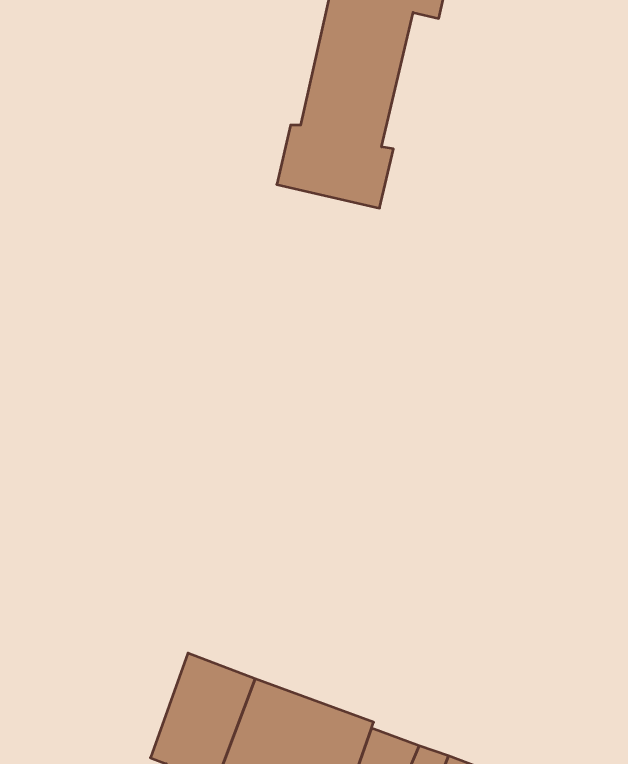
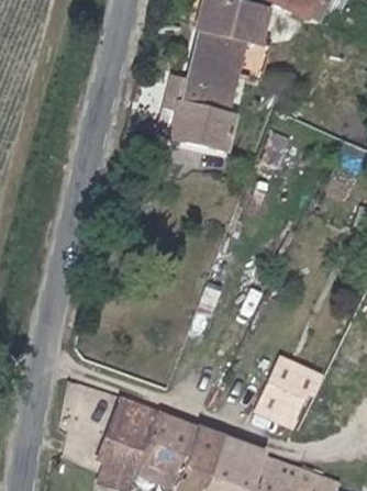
building: none -> [251,364,319,428]

